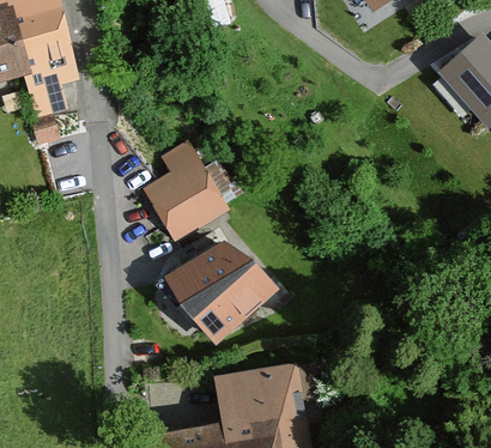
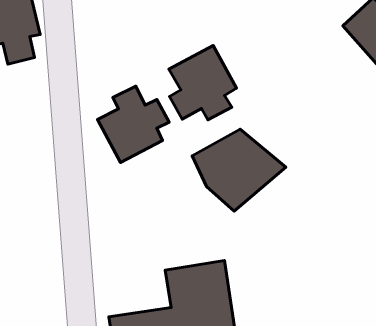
building: none -> [169,45,236,120]
building: [166,246,284,349] -> [192,129,286,211]

